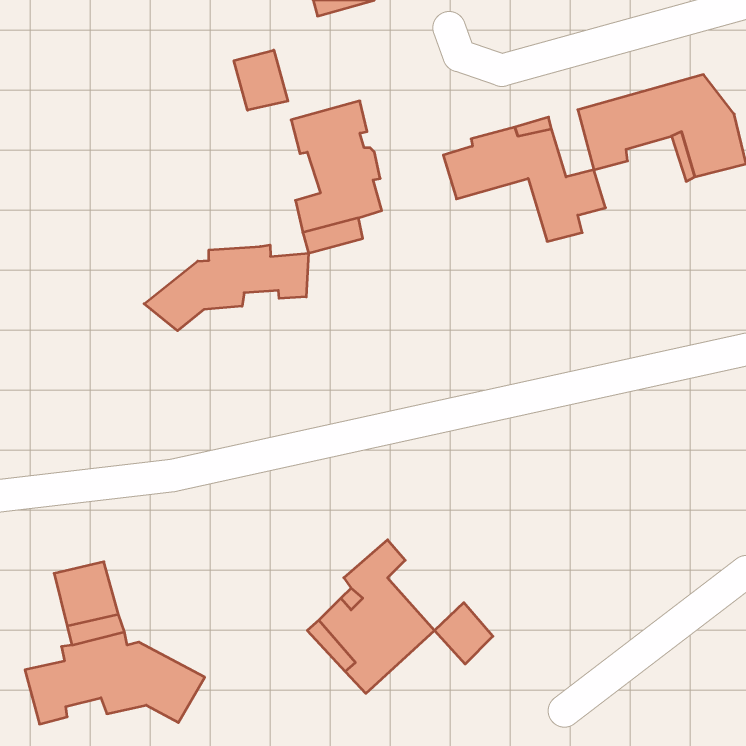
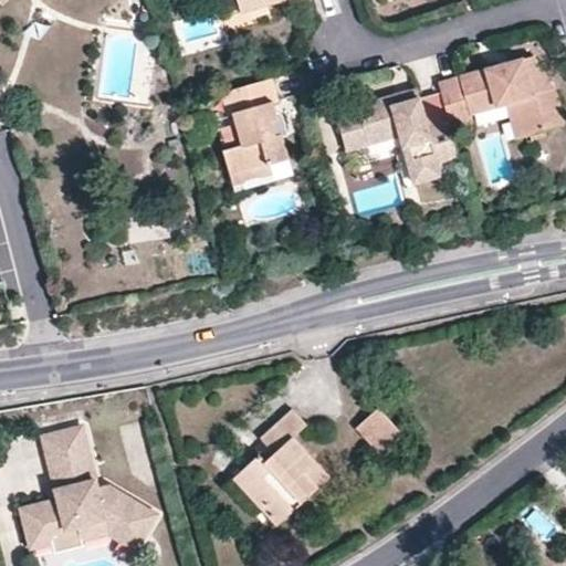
building: [234,50,288,110] -> none
building: [144,245,309,331] -> none
building: [434,603,493,664] -> [356,408,400,454]

